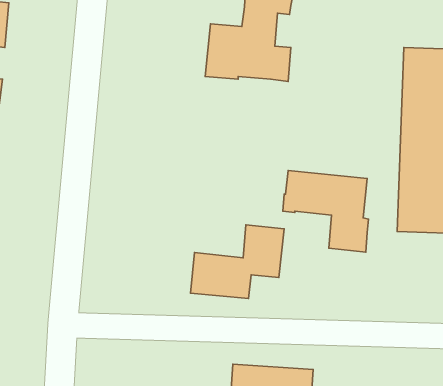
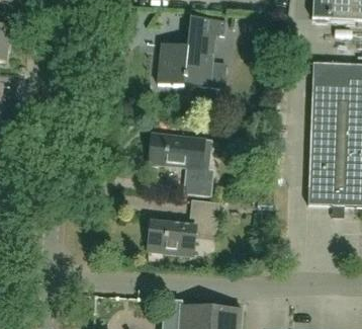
building: [283,171,368,252] -> [148,132,213,194]

